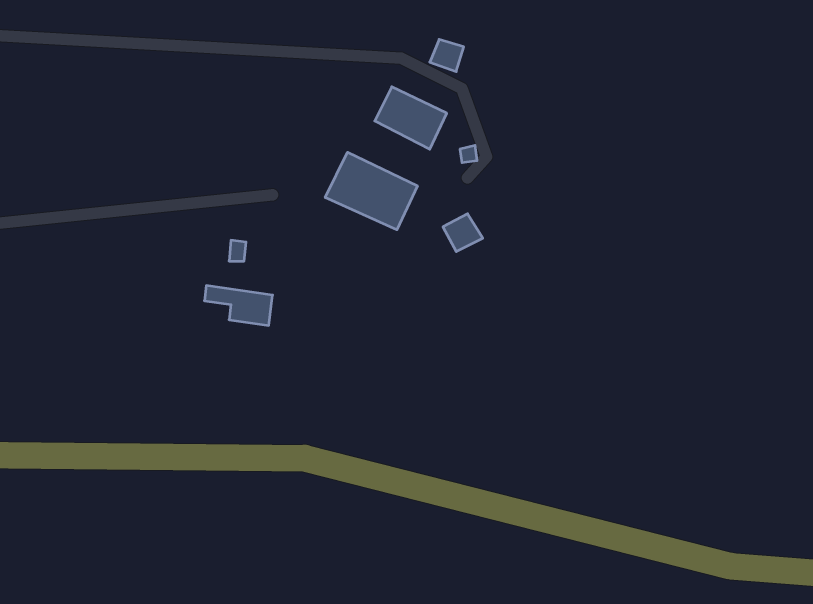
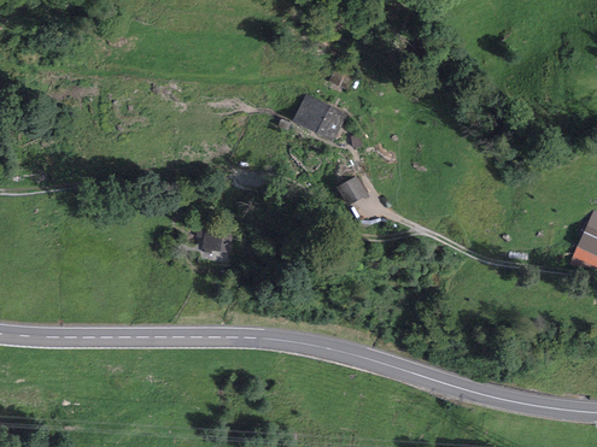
building: [325,152,417,230] -> none

